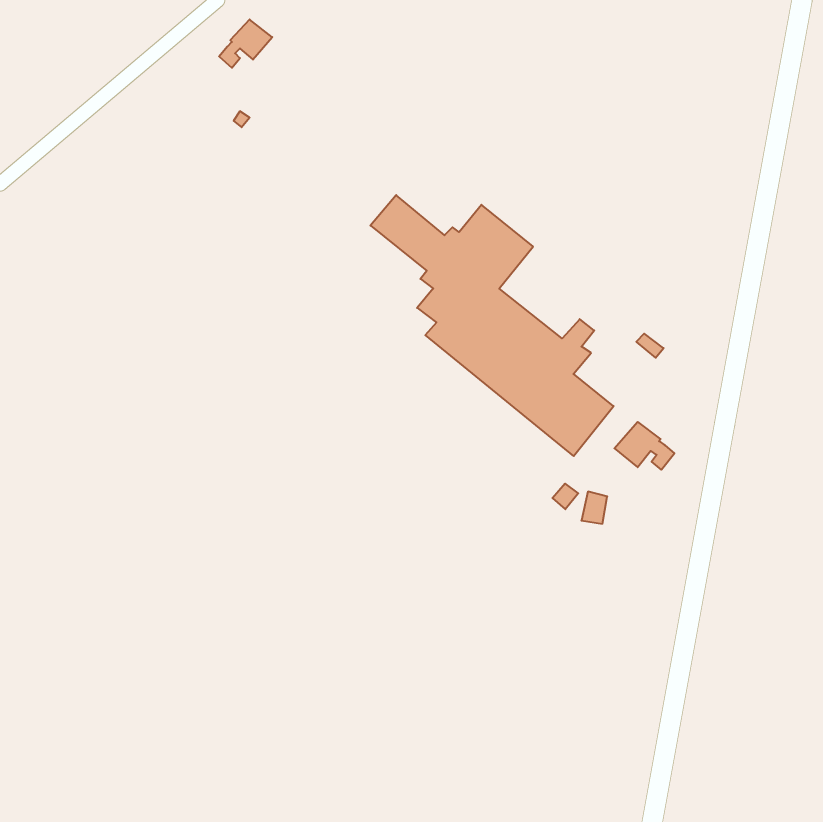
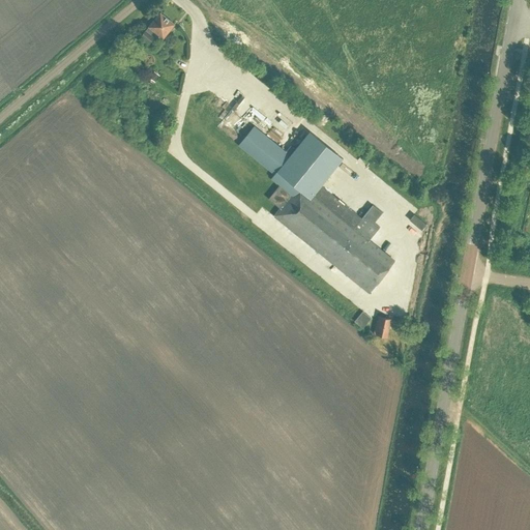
building: [614,422,674,470] -> none

